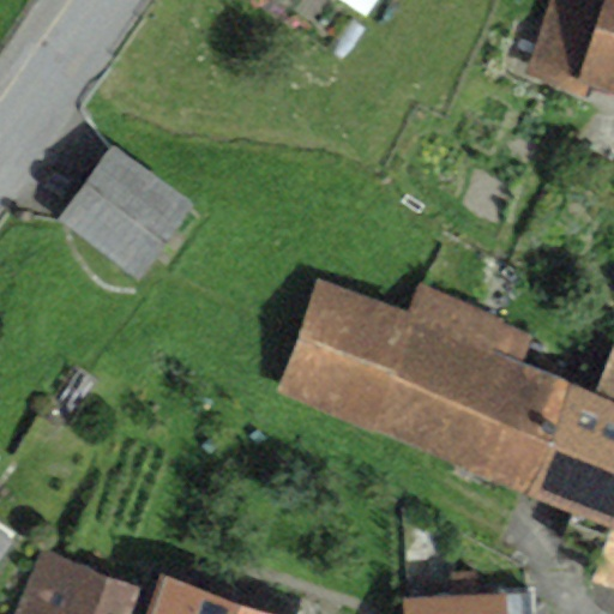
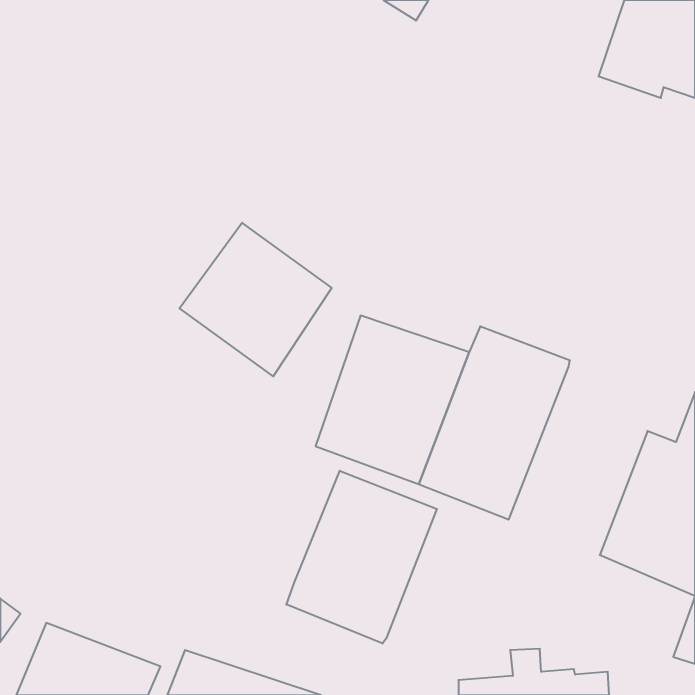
building: [59,145,193,281] -> [179,223,332,376]
building: [449,324,571,489] -> none
building: none -> [286,471,437,644]

